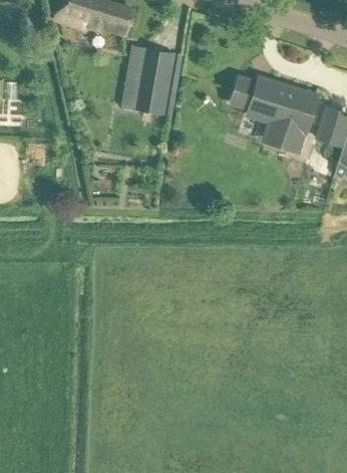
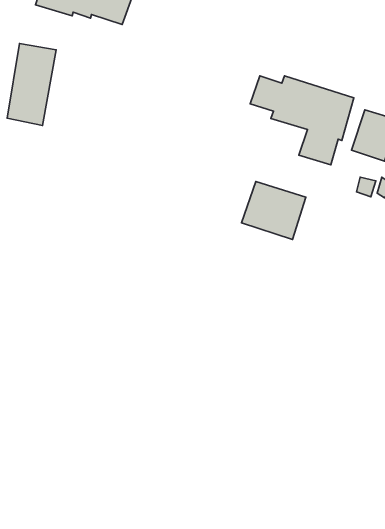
building: [132,47,172,114] -> [7,44,56,125]
building: none -> [241,182,306,239]

